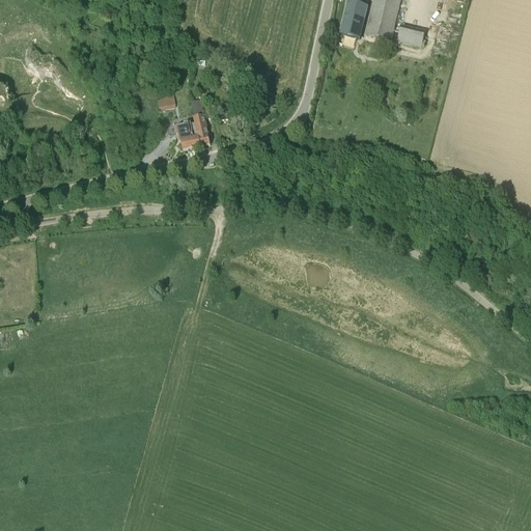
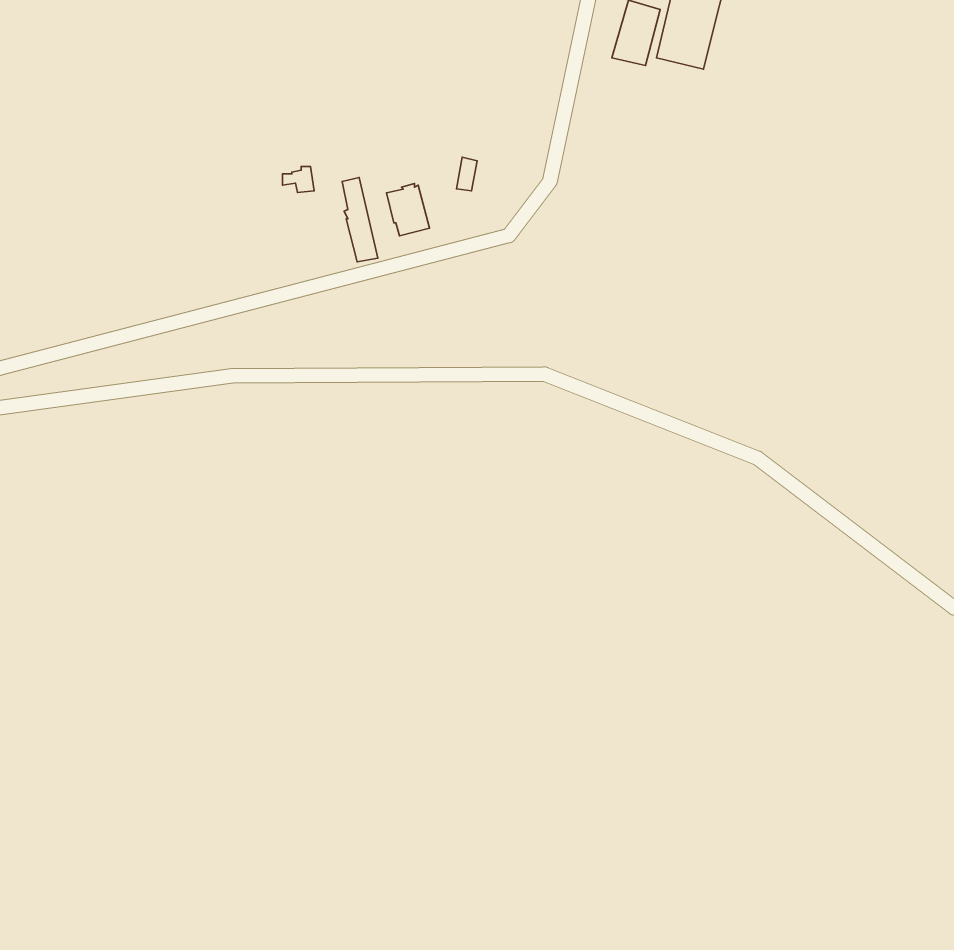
building: [397,24,425,46] -> none
building: [174,120,198,149] -> [386,183,429,236]

